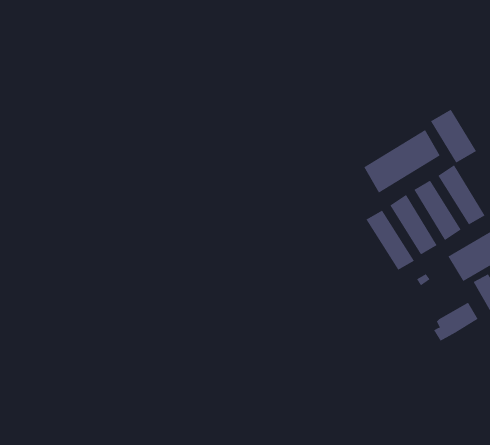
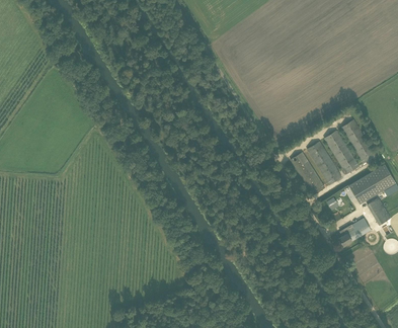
building: [430,109,477,163] -> none
building: [364,129,441,193] -> none

